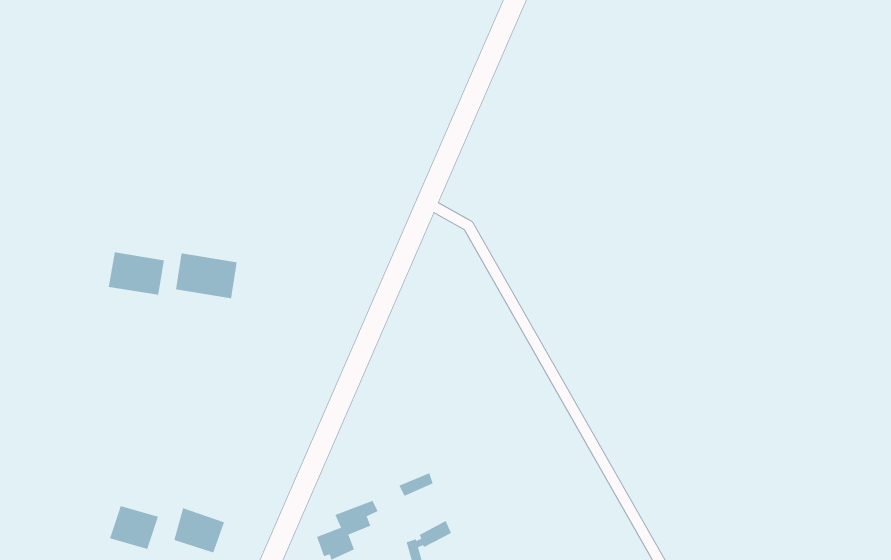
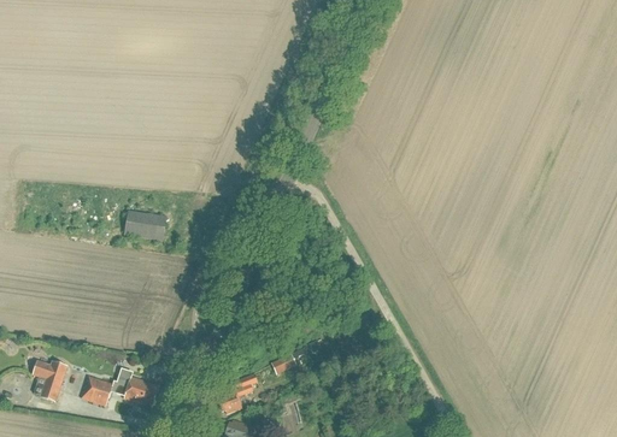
building: [108,252,165,296] -> none
building: none -> [33,360,67,401]

